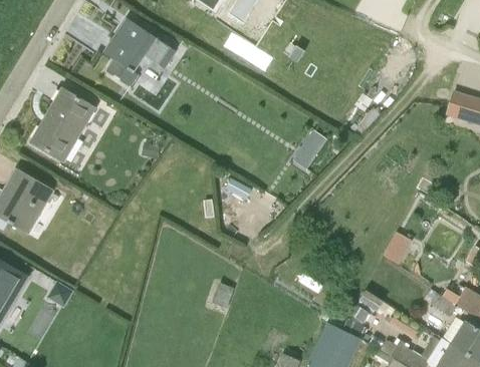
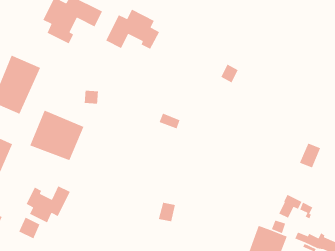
building: none -> [105,8,160,50]
building: none -> [29,109,84,161]
building: none -> [25,185,71,223]

